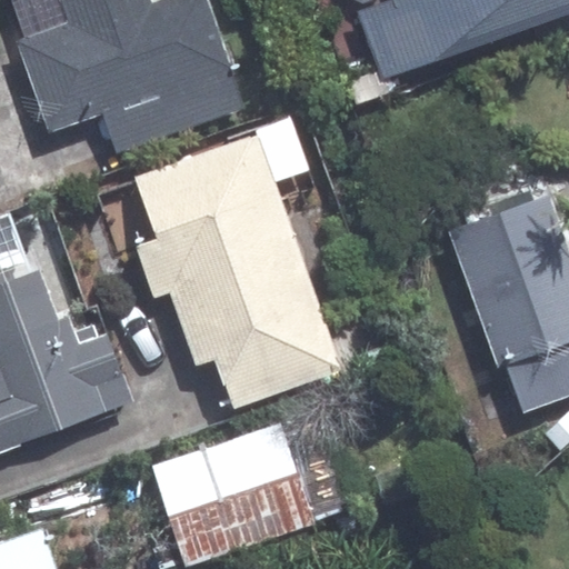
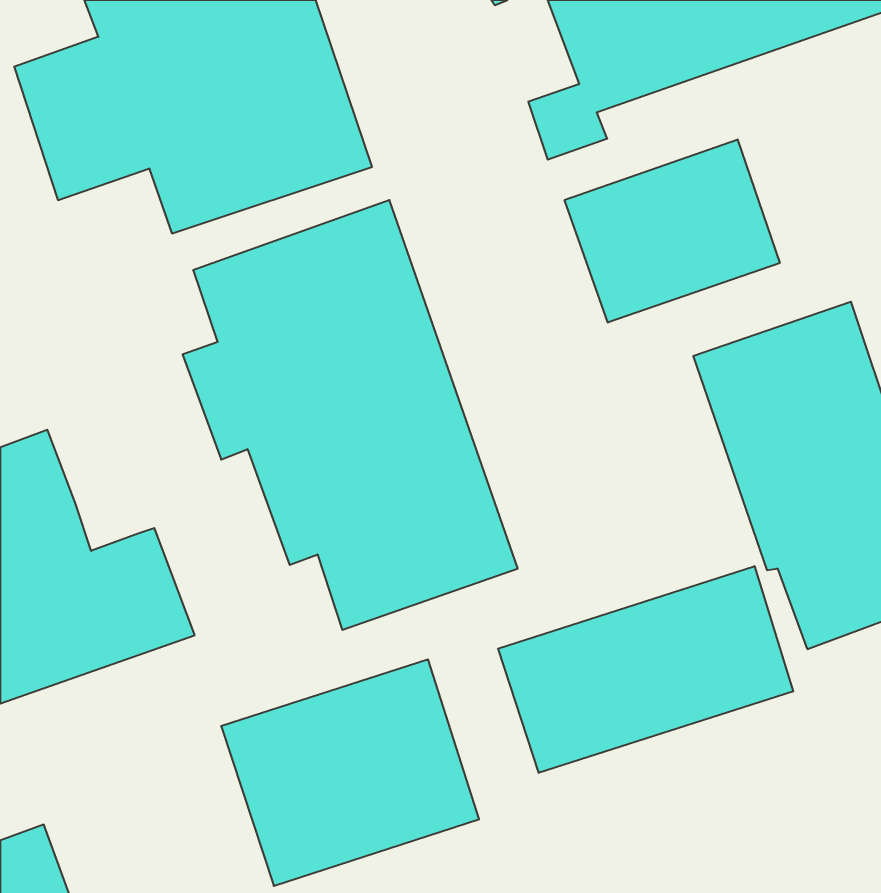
building: none -> [565,139,780,323]
building: none -> [498,566,793,773]

